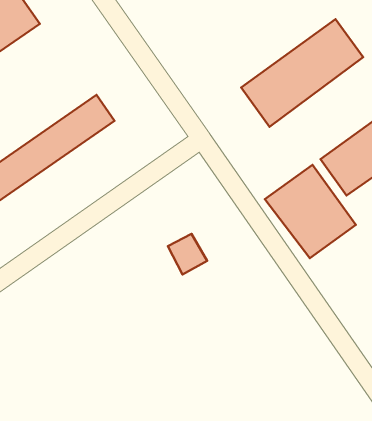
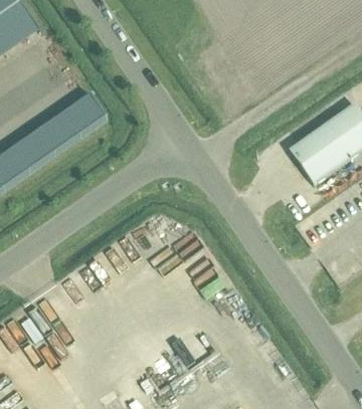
building: [241,19,363,127] -> none
building: [265,165,356,258] -> none

